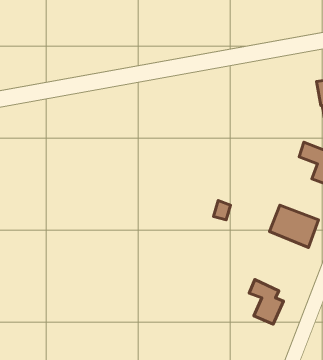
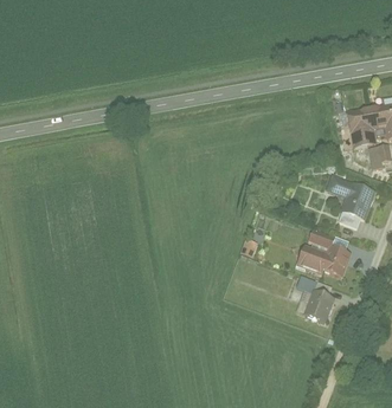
building: [249,279,284,324] -> [300,277,335,323]

